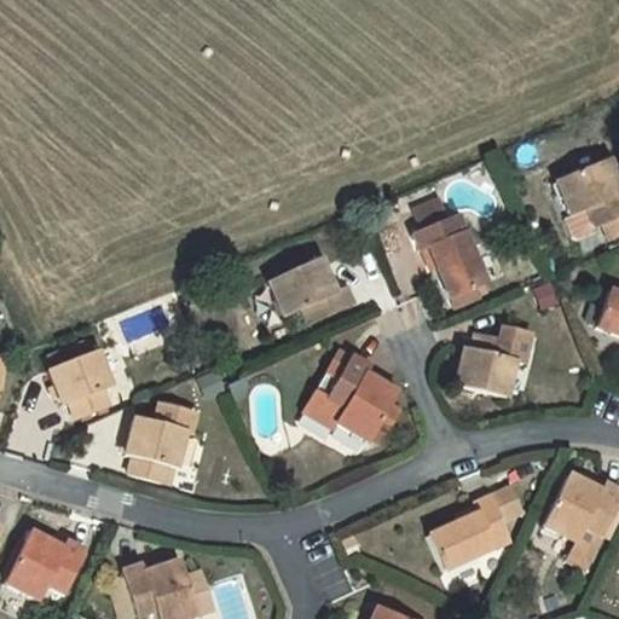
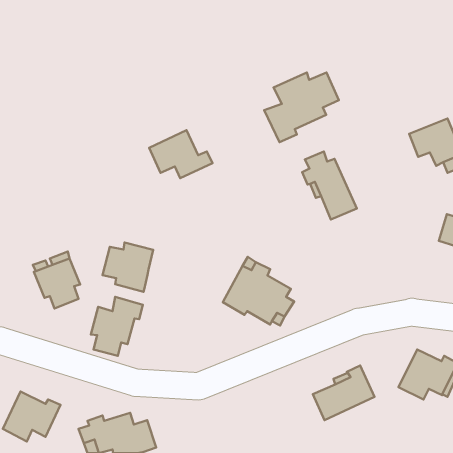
building: none -> [264,72,339,142]
building: [270,258,355,323] -> [149,130,212,178]
building: [456,325,532,397] -> none
building: none -> [103,242,153,292]

